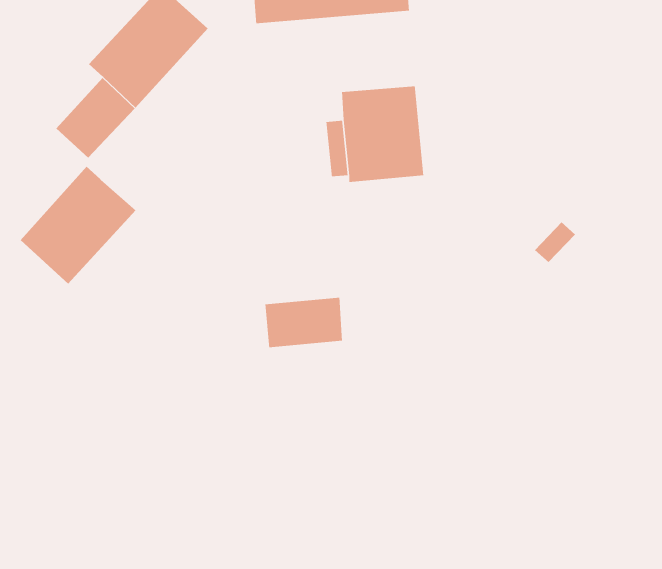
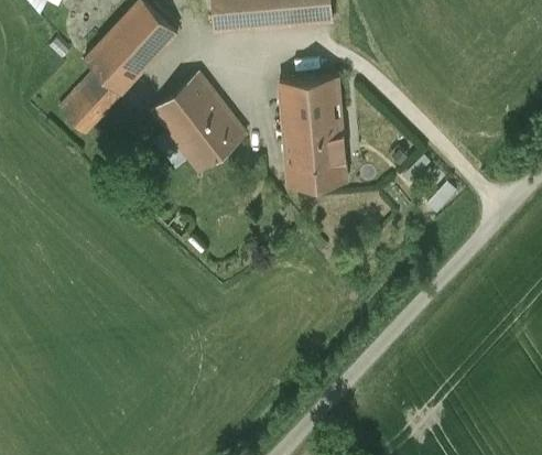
building: none -> [152,73,246,171]
building: [20,166,136,285] -> none
building: [264,297,343,348] -> [285,145,346,185]

